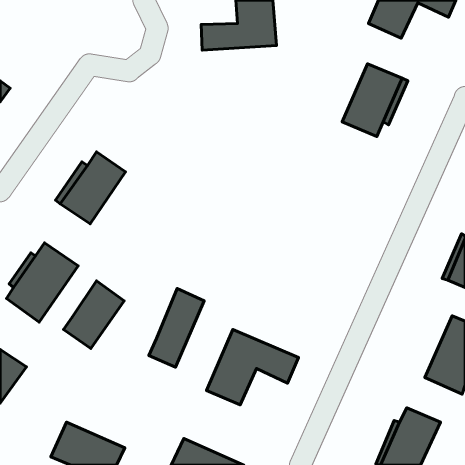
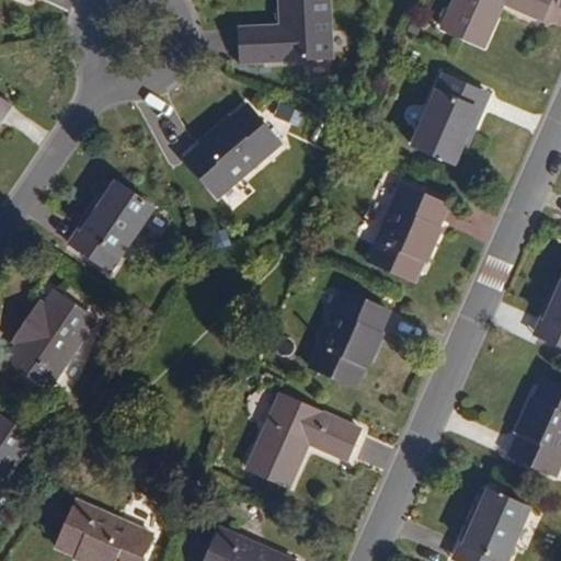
building: none -> [185,107,279,198]
building: none -> [367,186,446,282]
building: none -> [311,291,388,387]
building: [63,281,124,349] -> none
building: [149,289,204,367] -> none

